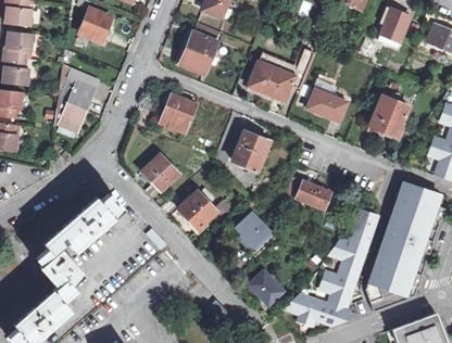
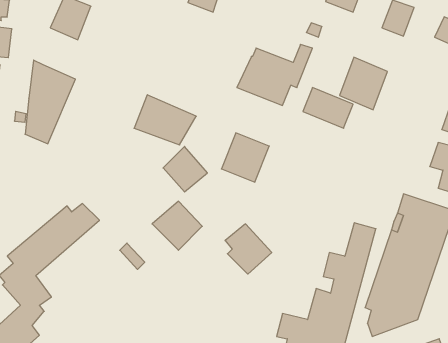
building: [183,22,225,75] -> none
building: [374,92,417,140] -> [340,57,387,110]
building: [138,154,178,195] -> [163,146,207,192]
building: [288,175,338,212] -> none
building: [250,268,290,308] -> none

